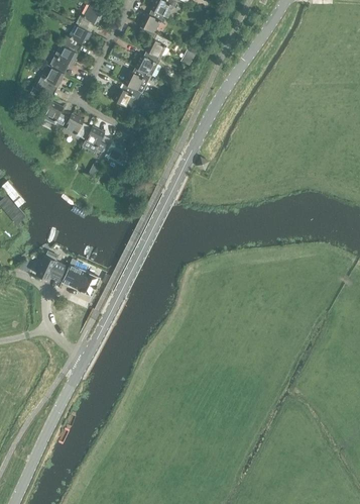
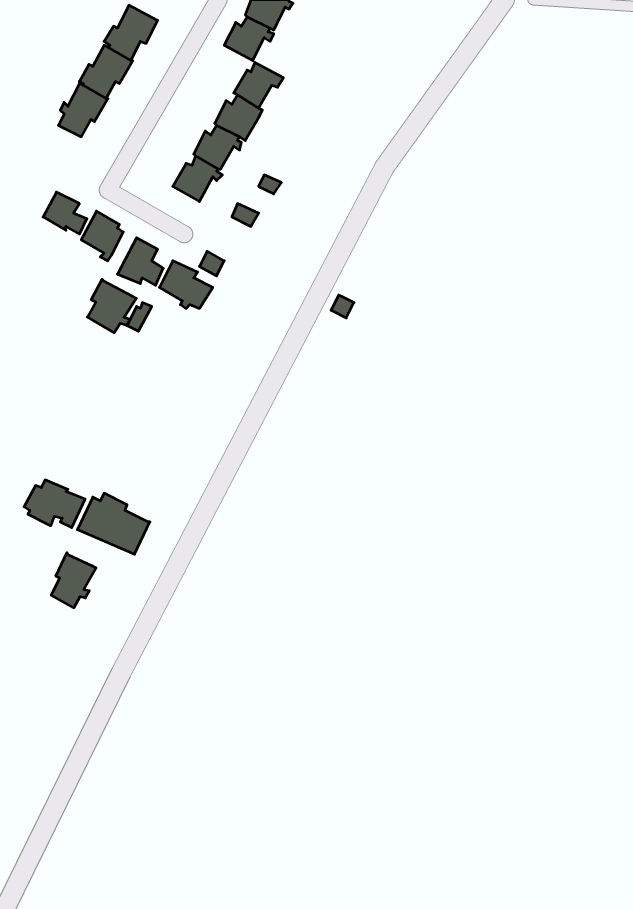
building: [35,65,65,95] -> none
building: none -> [87,279,136,333]
building: none -> [51,553,96,608]

